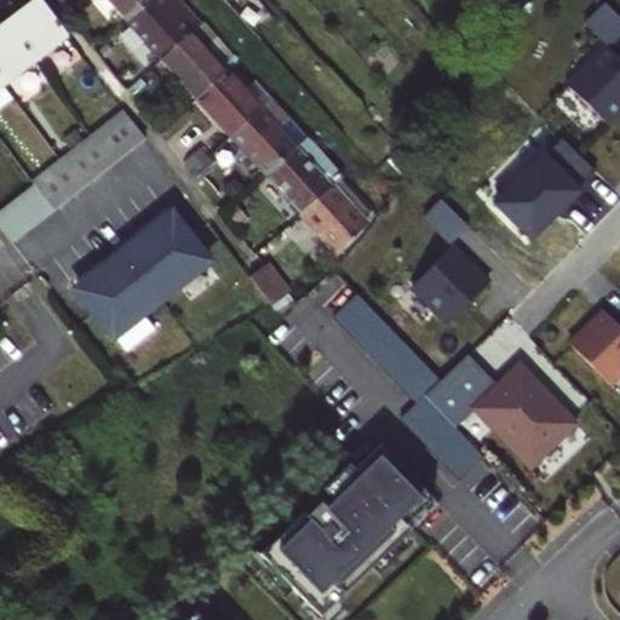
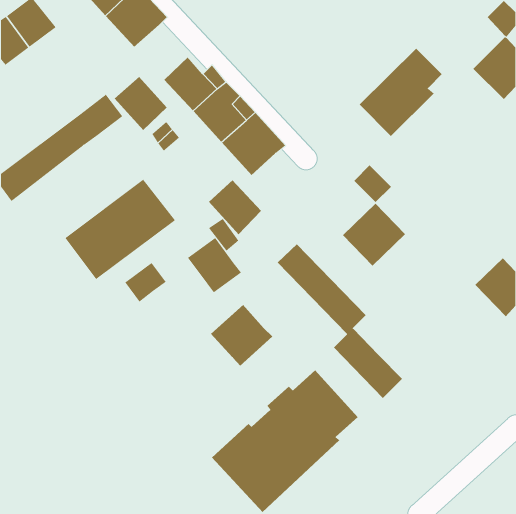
building: [161,30,225,96] -> [114,76,167,131]
building: [492,136,592,242] -> [359,48,442,137]
building: [302,184,366,251] -> [208,180,262,235]
building: none -> [187,237,242,293]
building: none -> [125,262,166,303]
building: [424,352,575,466] -> none
building: none -> [210,304,273,366]

